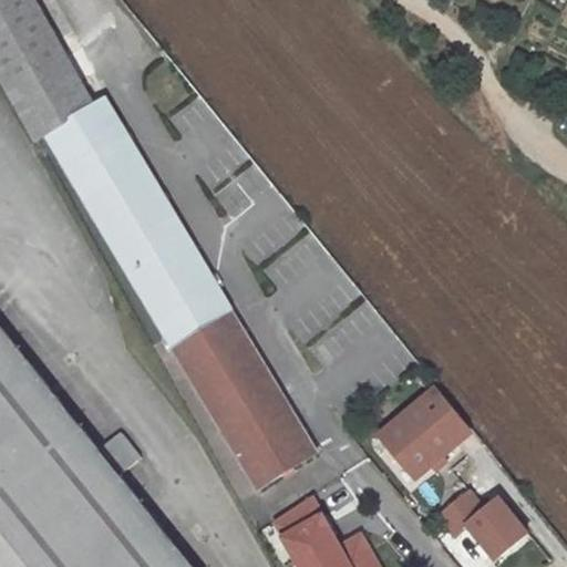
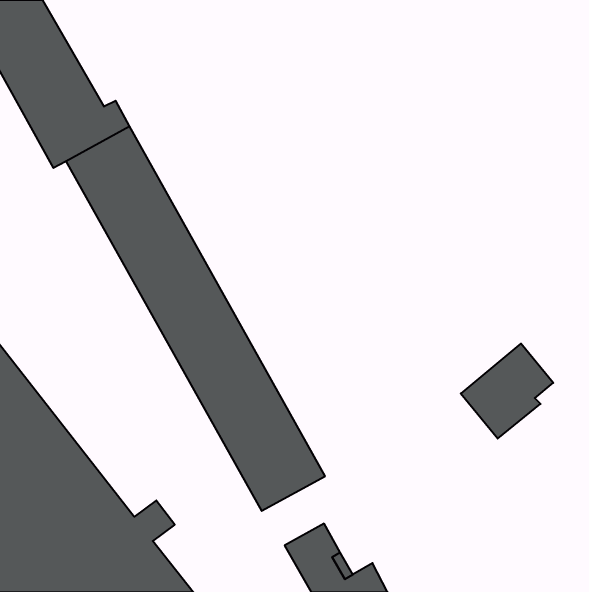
building: [379,386,467,477] -> [461,344,553,439]
building: [436,491,527,559] -> none

